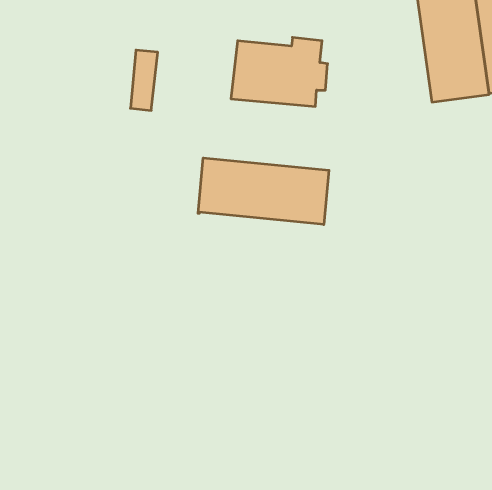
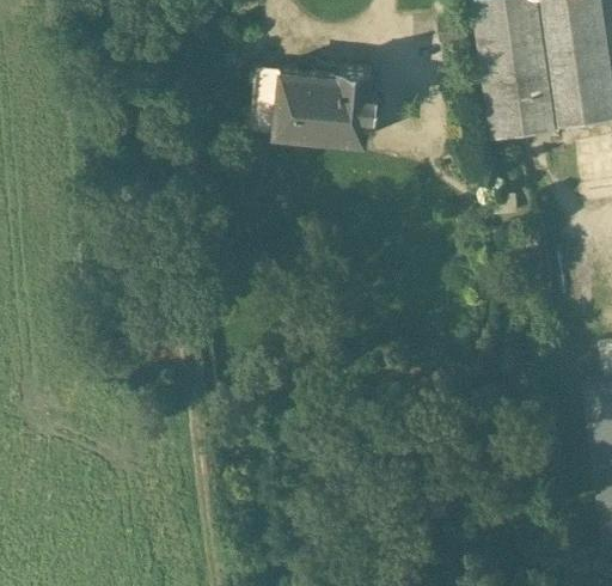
building: [130,50,158,110] -> [259,71,289,136]
building: [198,158,329,225] -> none

